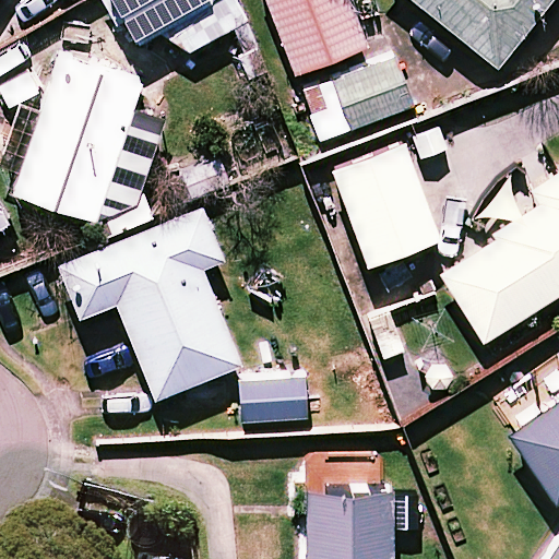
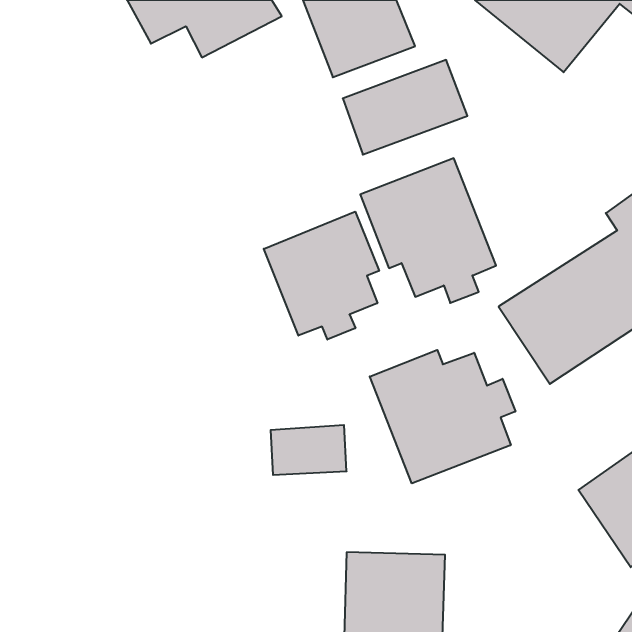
building: [15,57,142,219] -> none
building: none -> [264,212,379,340]
building: [60,207,242,397] -> none
building: none -> [370,350,515,483]

